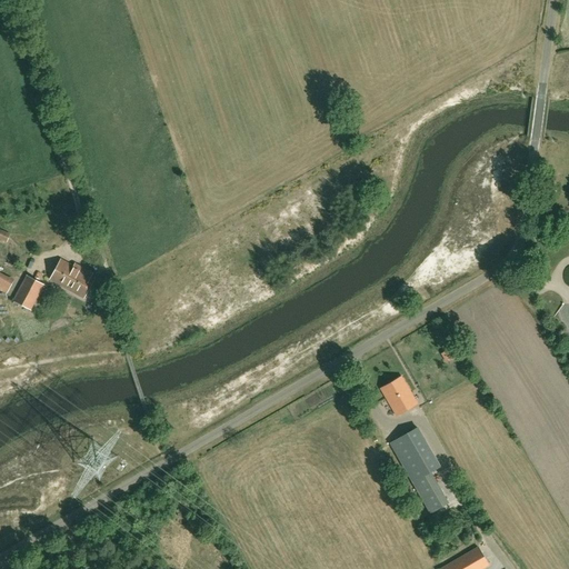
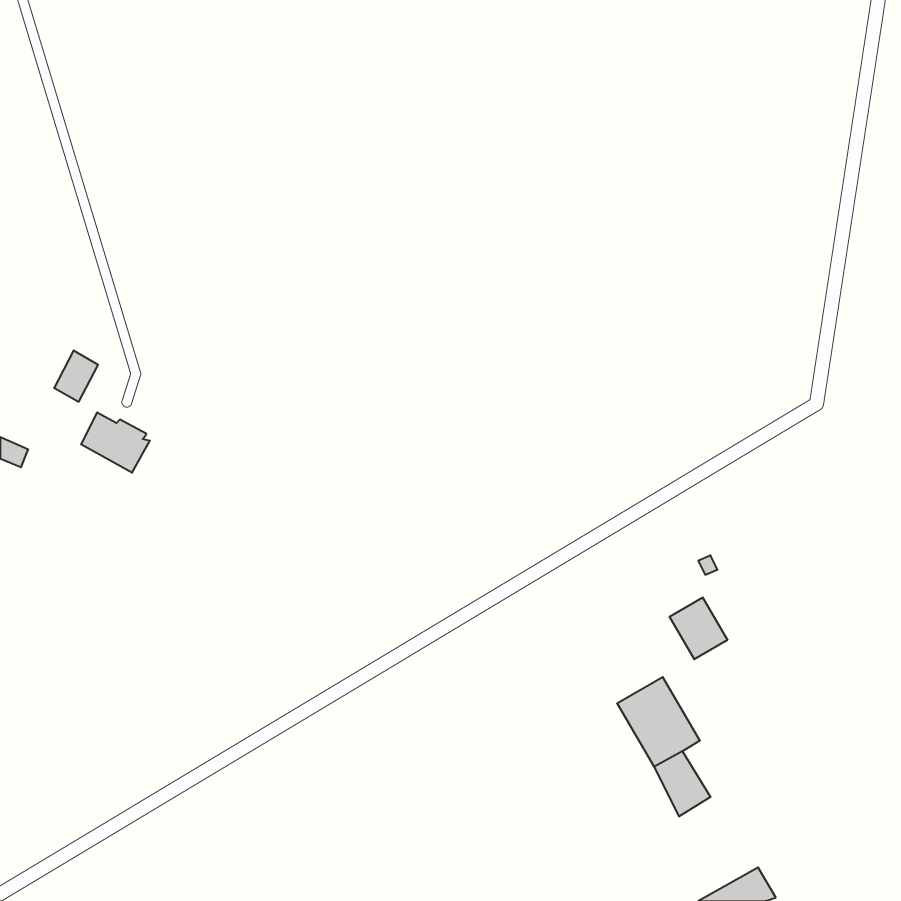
building: [14,277,42,309] -> [54,351,98,402]
building: [381,377,418,416] -> [669,598,728,659]

